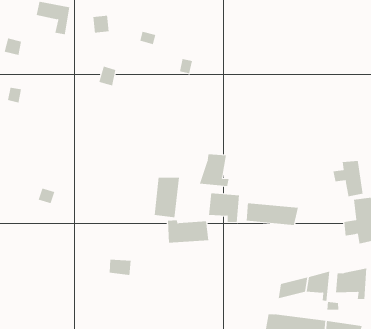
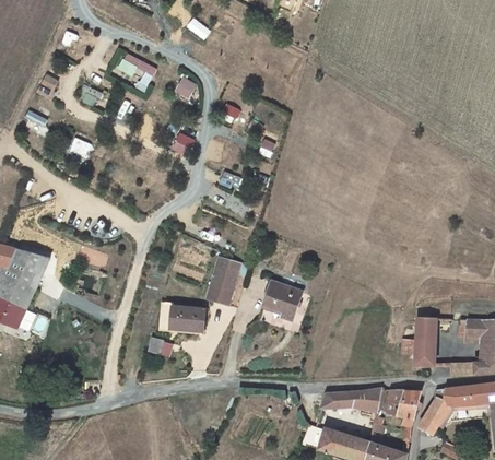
building: [199,154,229,187] -> none
building: [333,160,363,197] -> none
building: [246,202,298,226] -> none
building: [167,220,209,243] -> [160,302,204,330]

